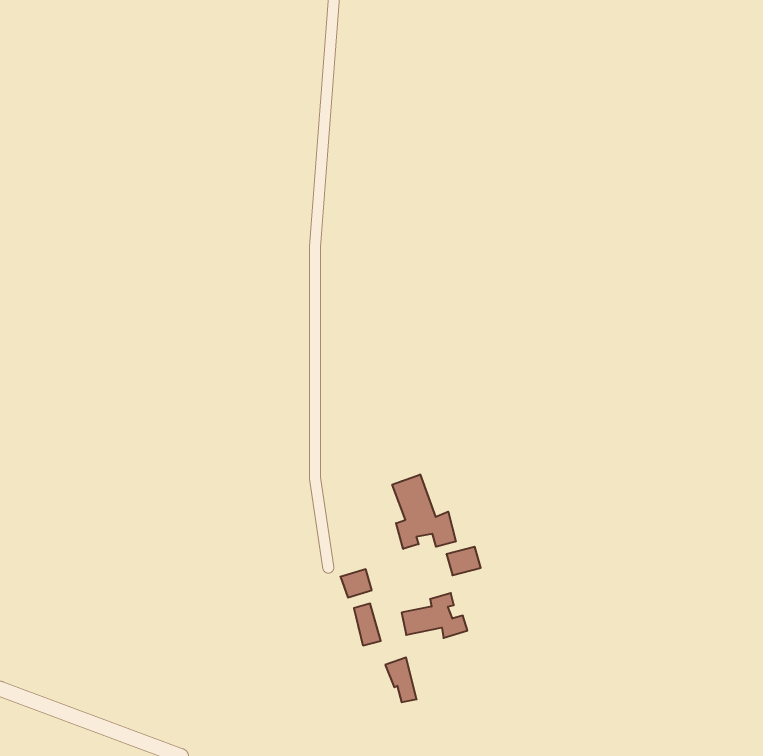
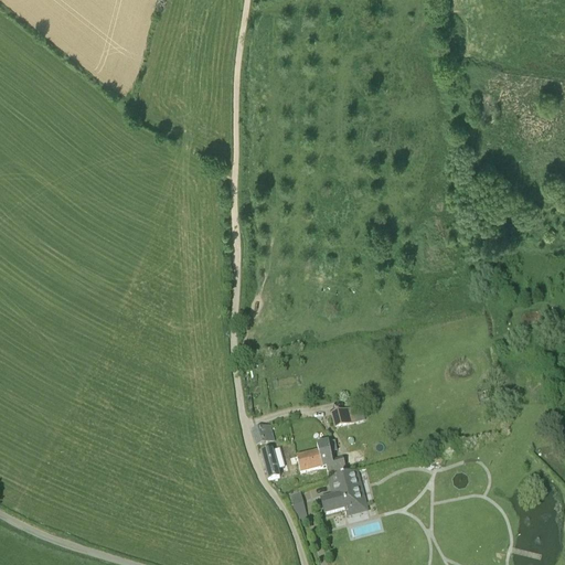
building: [392,474,456,549] -> none
building: none -> [321,469,365,511]

